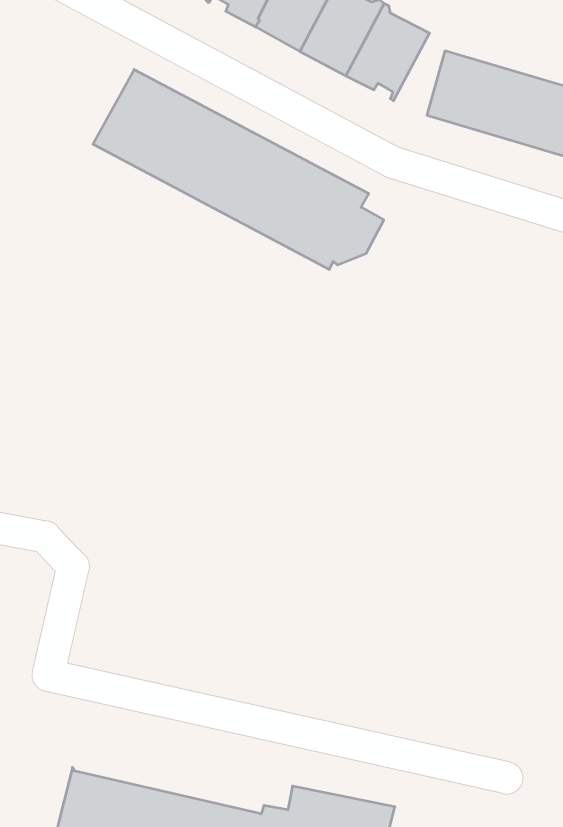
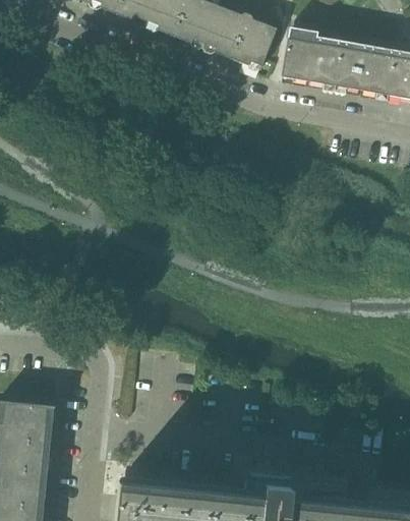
building: [93,69,384,270] -> none

